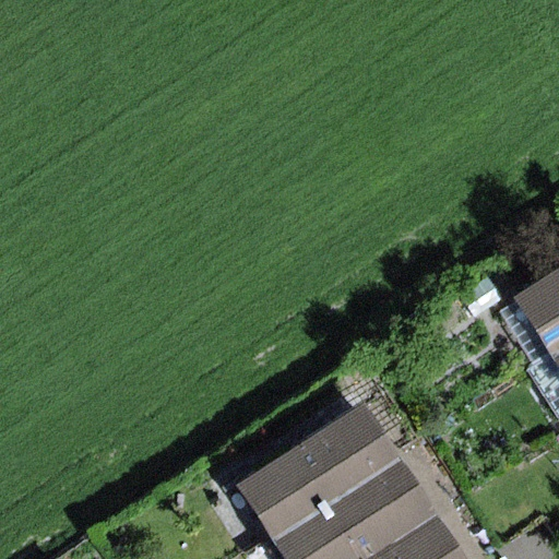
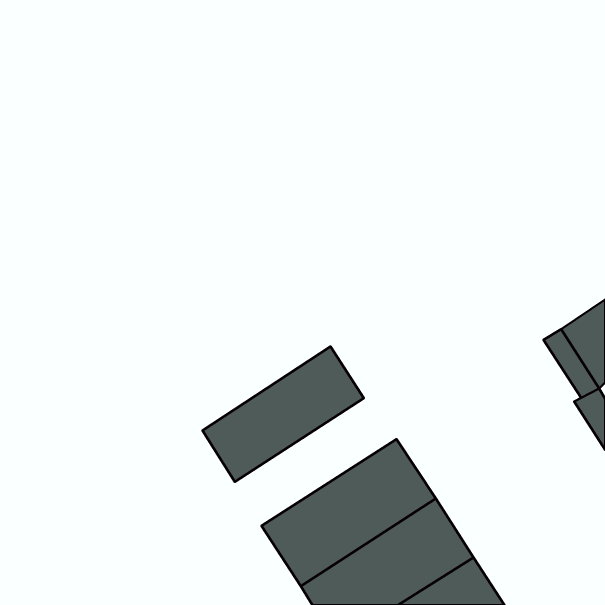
building: none -> [202,346,364,482]

